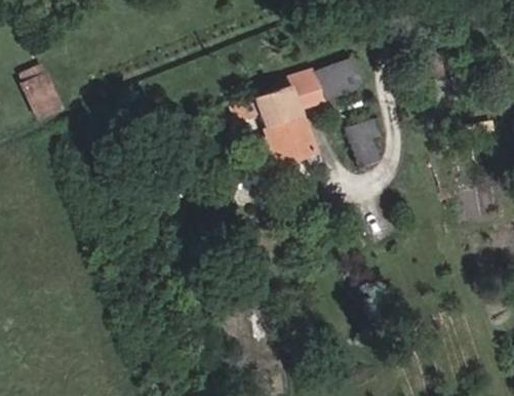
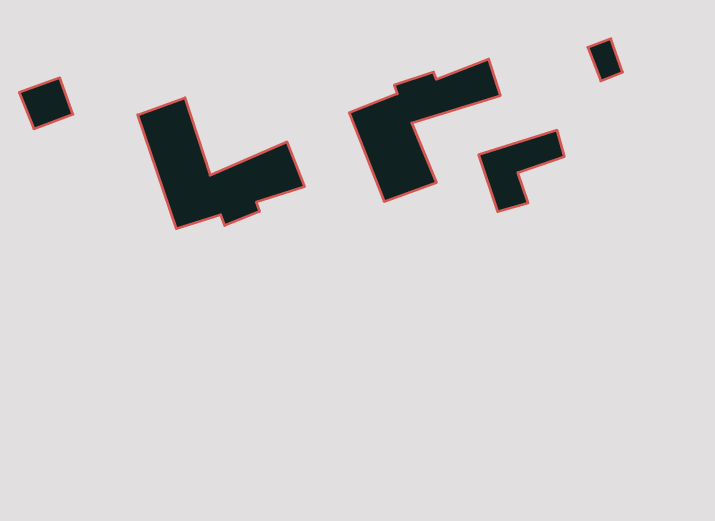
building: none -> [138,98,304,229]

